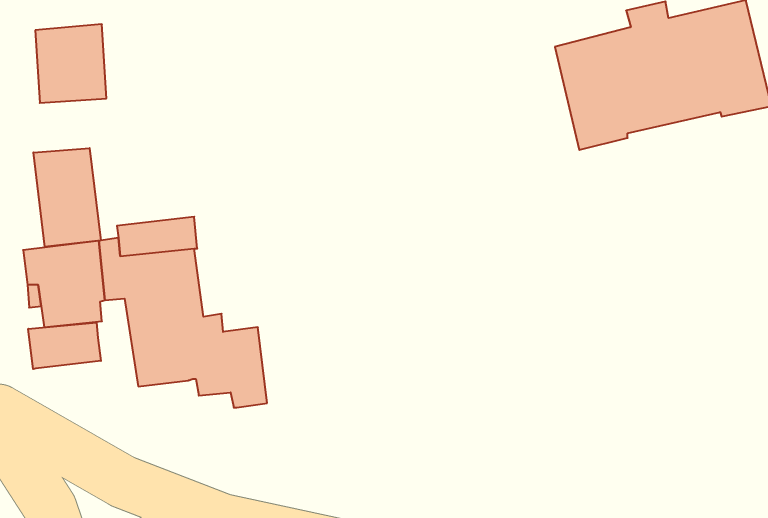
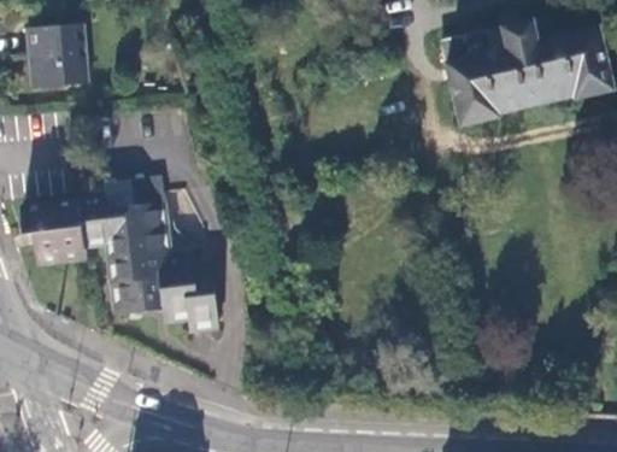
building: [33,148,101,247] -> none
building: [28,323,101,369] -> none

